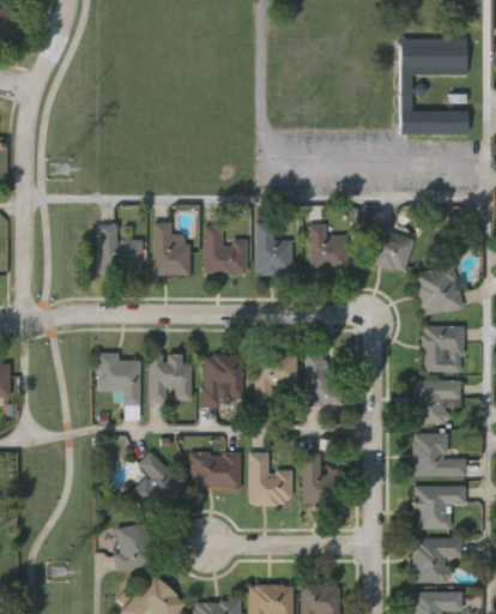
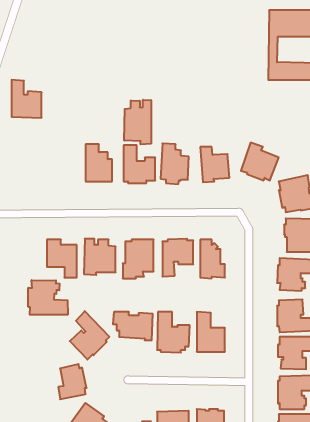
building: none -> [124,100,151,144]
building: [99,224,140,276] -> [12,80,42,118]
building: none -> [28,280,68,315]

